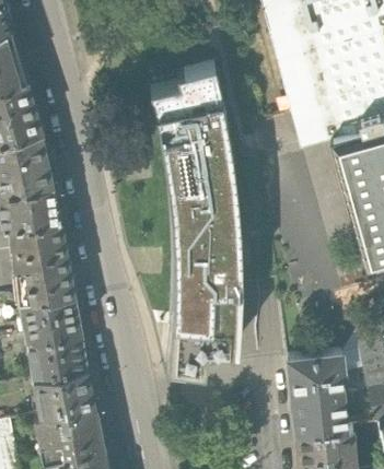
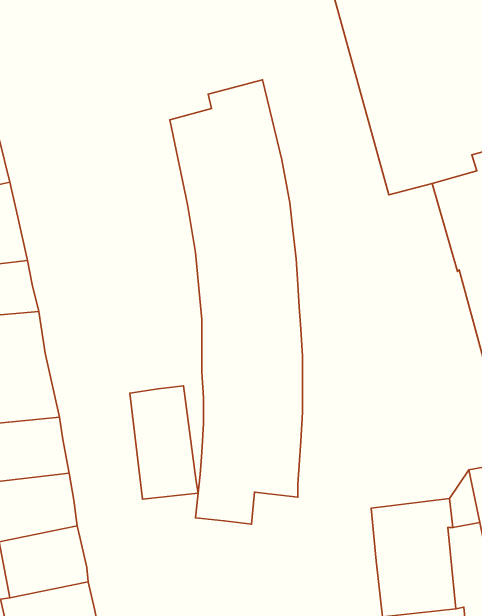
building: none -> [130,386,198,499]

